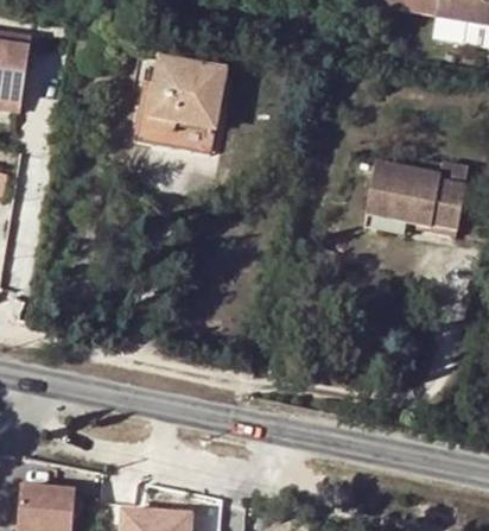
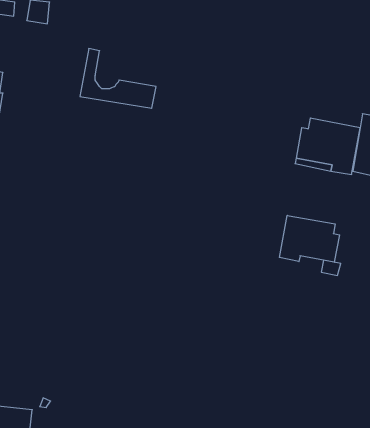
building: [147,61,223,132] -> none
building: none -> [279,215,340,262]

